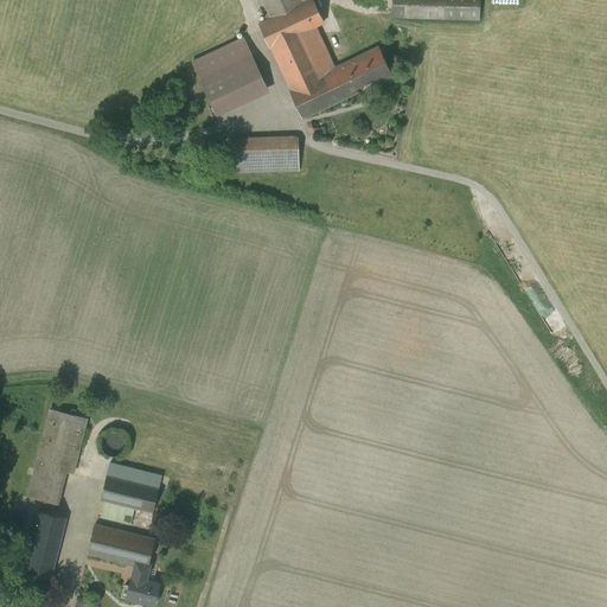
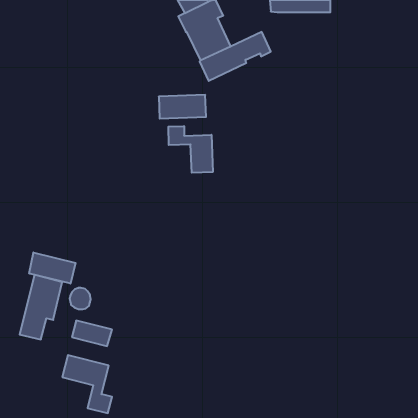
building: [192,38,269,116] -> none
building: none -> [168,126,213,173]
building: none -> [29,252,76,284]
building: [28,503,69,571] -> none

